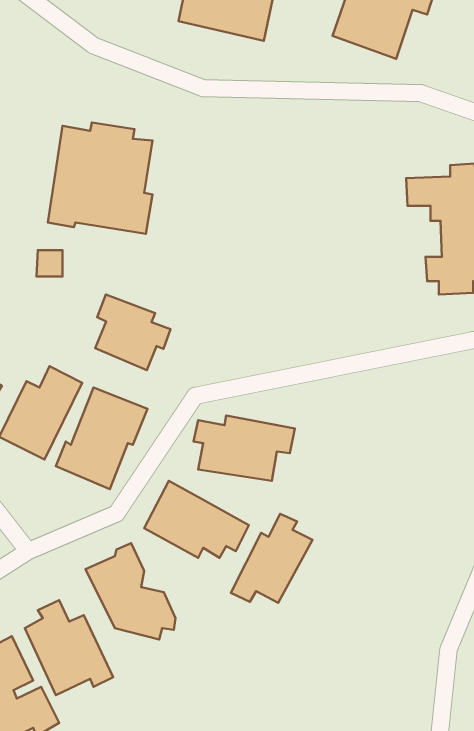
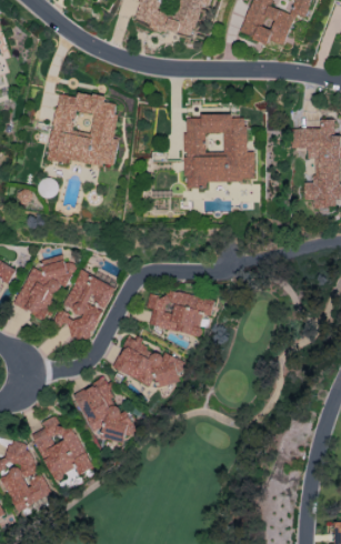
building: none -> [183,114,254,188]
building: [95,295,170,370] -> none
building: [231,514,313,603] -> none

